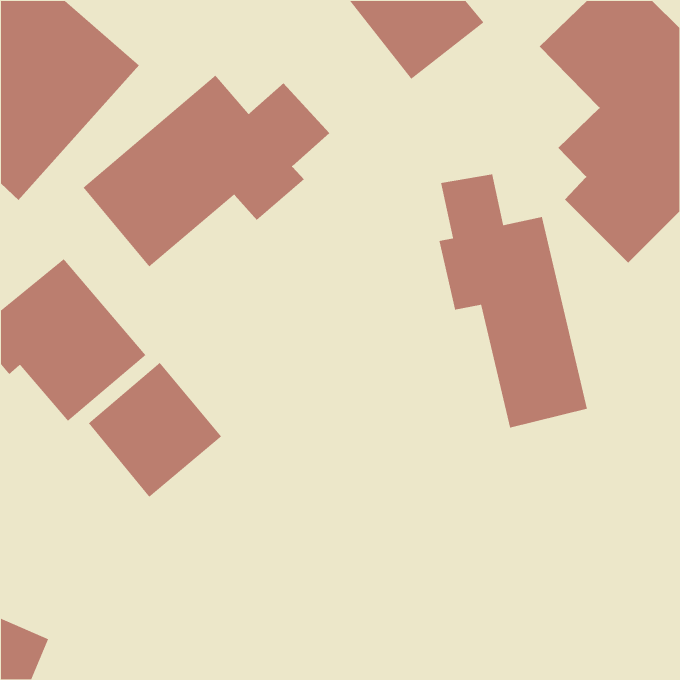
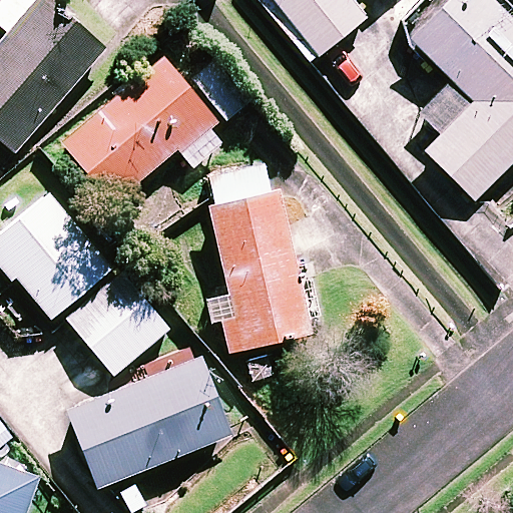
building: [439,173,588,429] -> none
building: none -> [209,162,310,351]
building: none -> [67,358,229,487]

